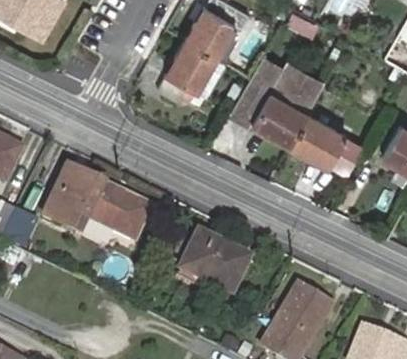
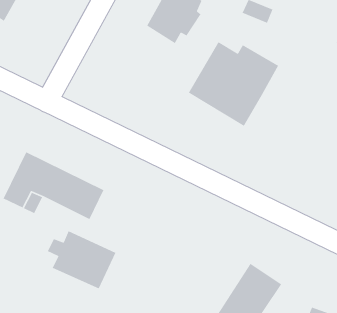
building: [161,42,218,106] -> none
building: [289,113,362,174] -> none
building: [172,236,244,297] -> [47,230,117,290]

